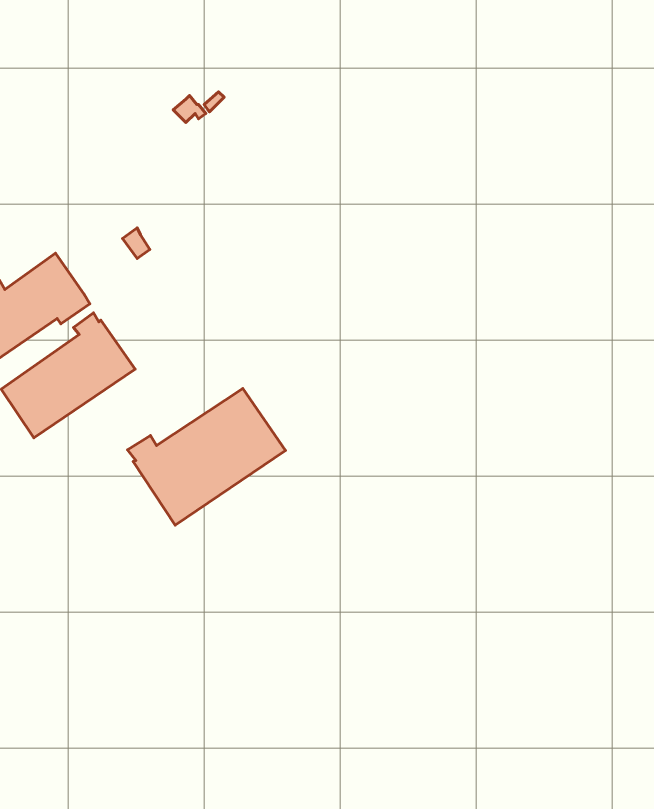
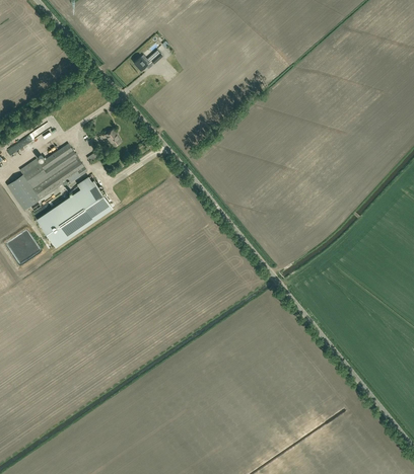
building: [128,389,285,525] -> none

